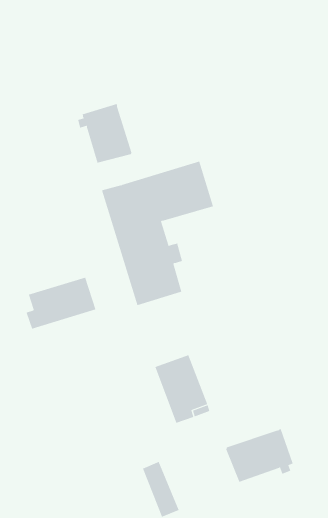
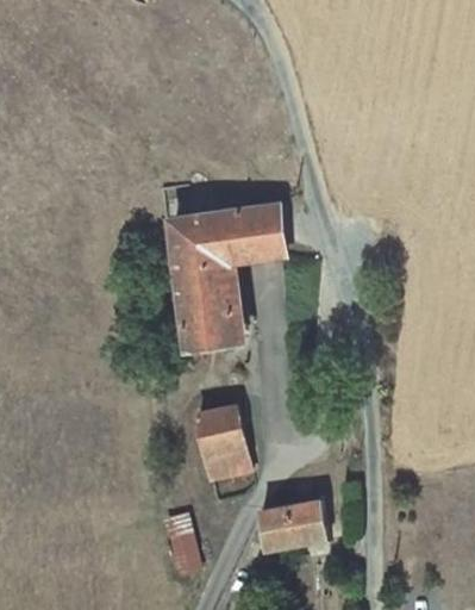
building: [78,103,132,164] -> none
building: [26,277,96,329] -> none

